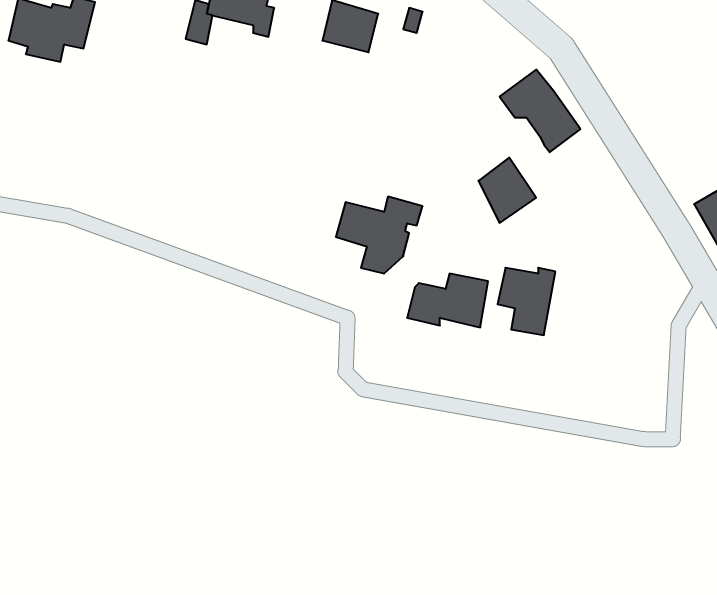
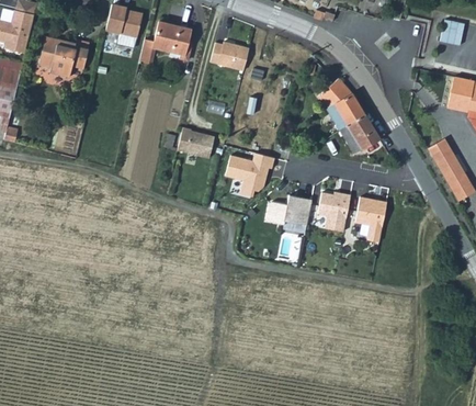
building: none -> [178,127,215,158]
building: [478,158,536,223] -> [348,114,381,151]
building: none -> [356,198,388,243]

